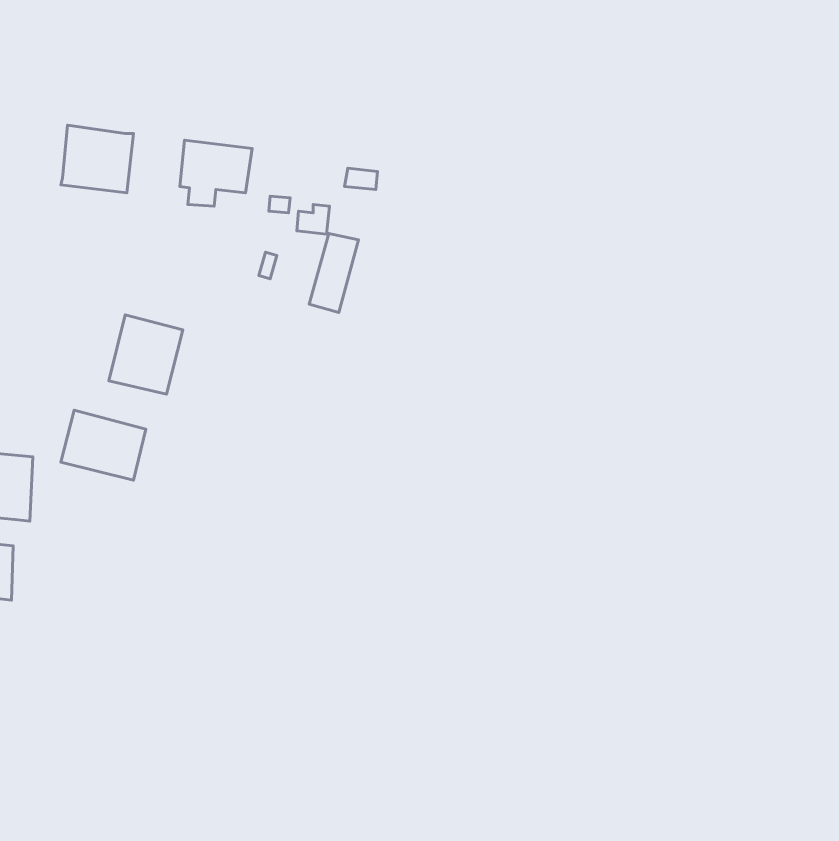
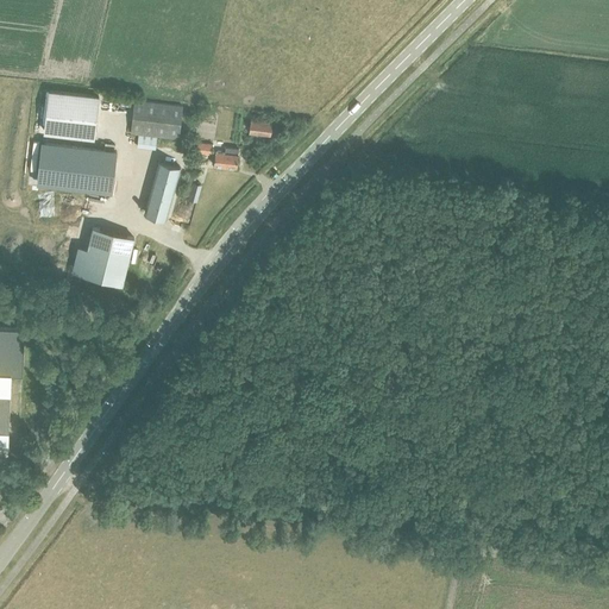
building: none -> [37,145,115,195]
building: [309,233,358,313] -> [143,164,178,221]
building: [61,410,146,480] -> none

